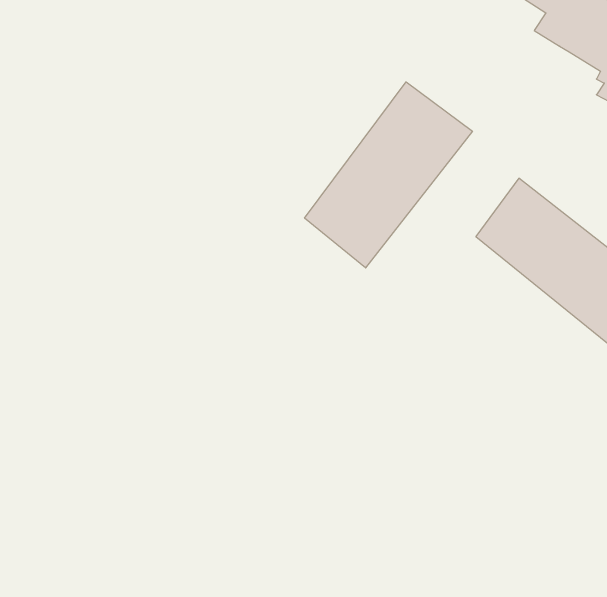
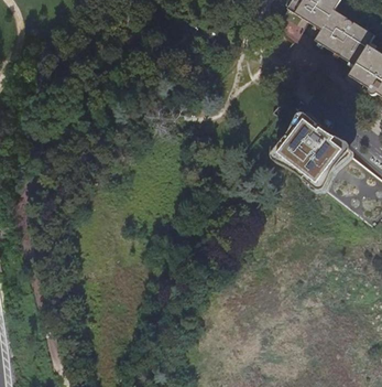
building: [305,82,472,268] -> none

